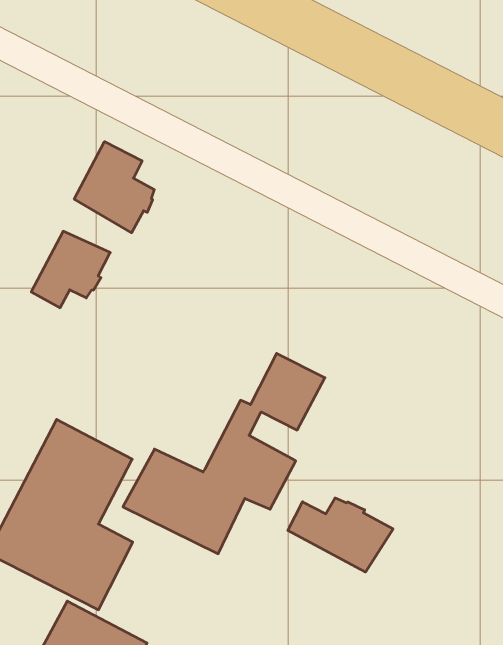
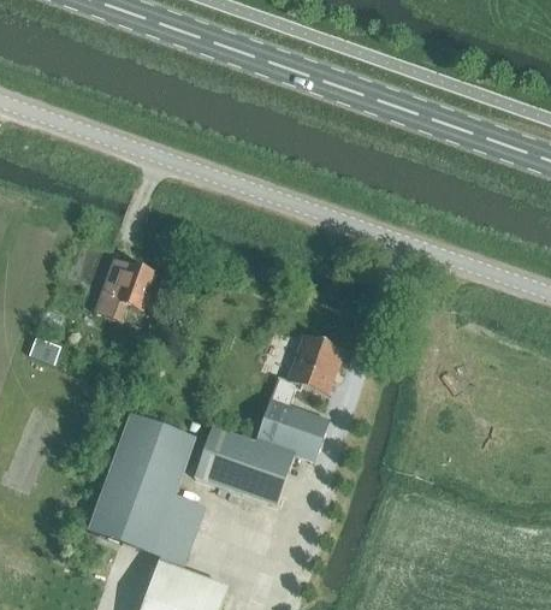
building: [74,142,154,233] -> none
building: [288,498,393,572] -> none

